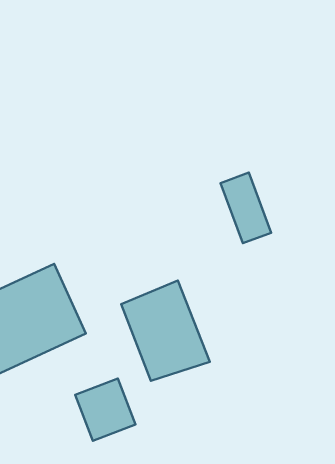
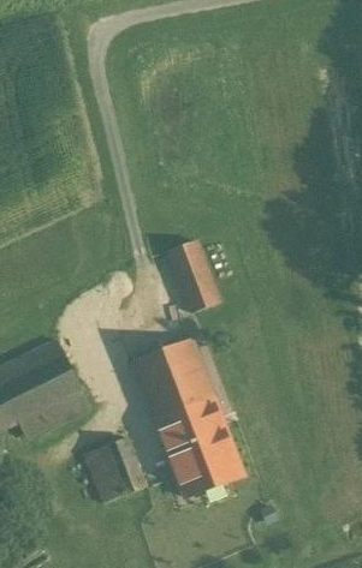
building: [220,173,271,243] -> [168,243,220,315]
building: none -> [164,424,245,500]

